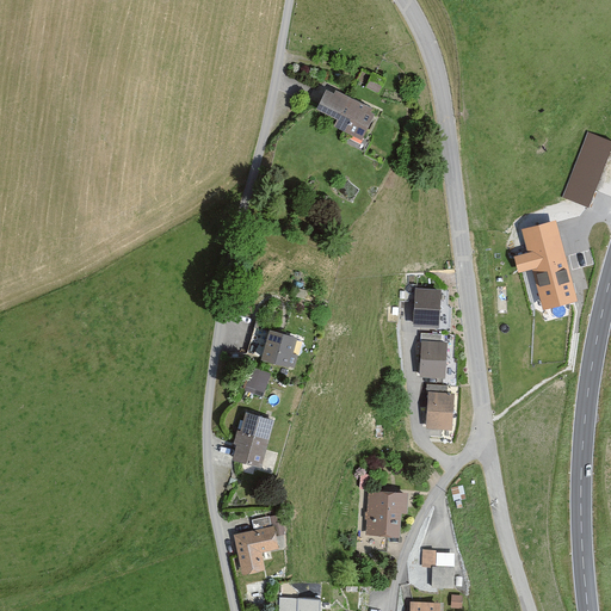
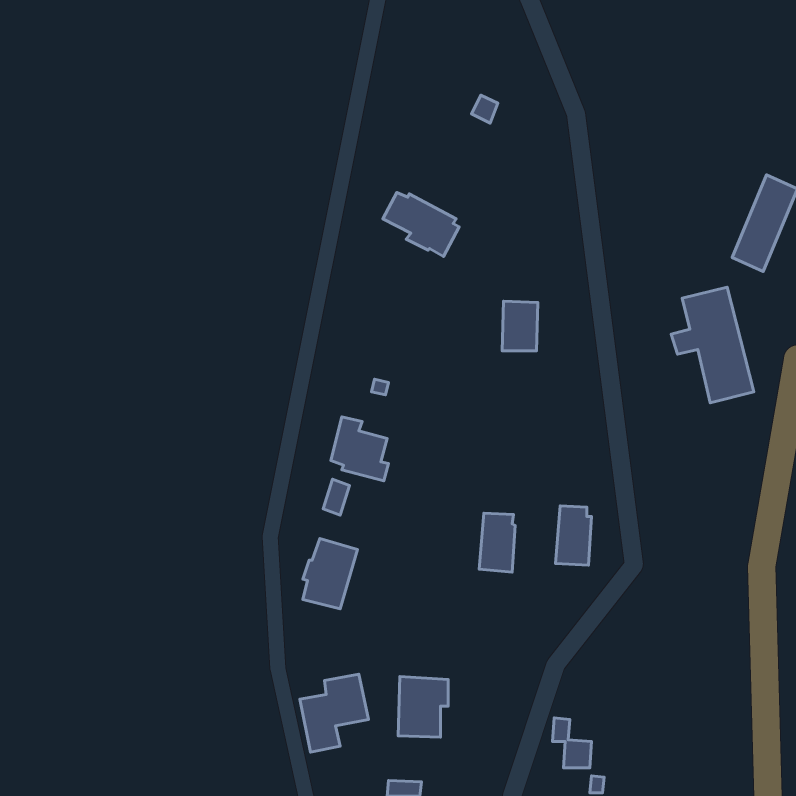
building: [310,90,369,138] -> [383,192,459,256]
building: [415,288,443,326] -> [502,301,538,351]
building: [420,333,448,378] -> [479,513,515,572]
building: [369,490,407,537] -> [398,676,448,737]

